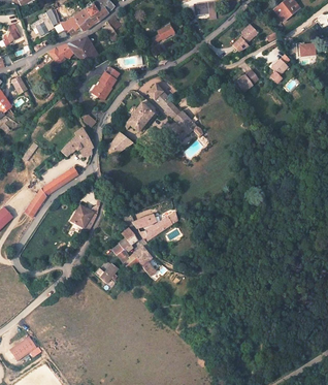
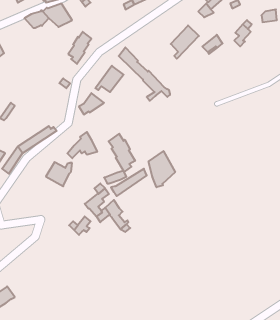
building: none -> [171,25,199,59]
building: [61,127,93,155] -> [67,132,97,158]
building: none -> [109,134,135,172]
building: none -> [149,151,175,187]

